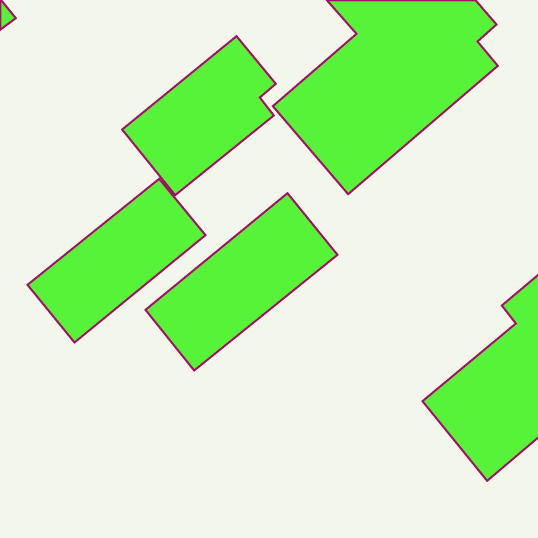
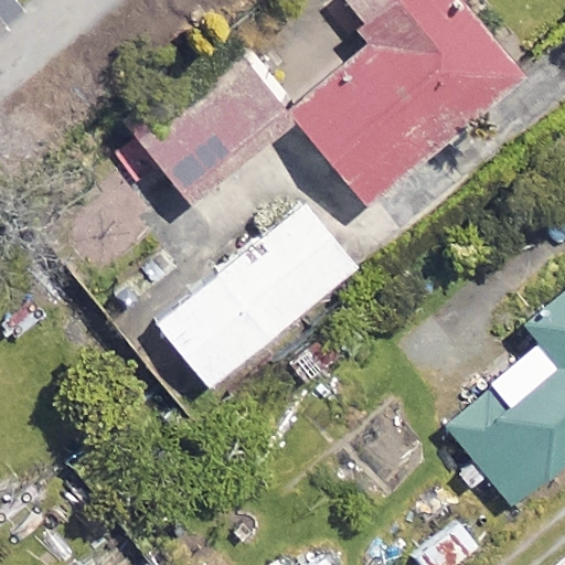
building: [27,179,206,343] -> none

